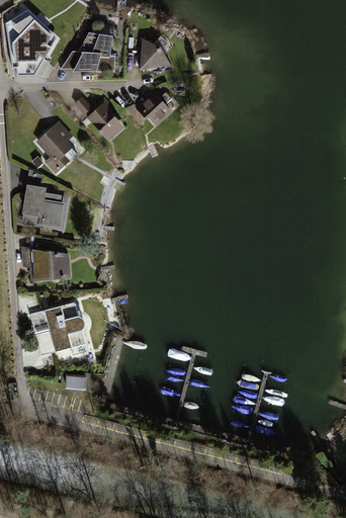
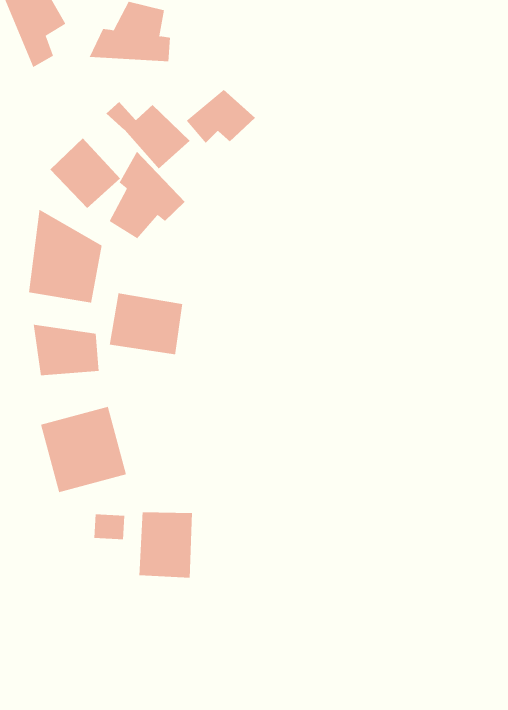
building: [140,37,175,70] -> none
building: none -> [109,151,185,239]
building: none -> [109,292,183,355]
building: none -> [139,511,193,578]

